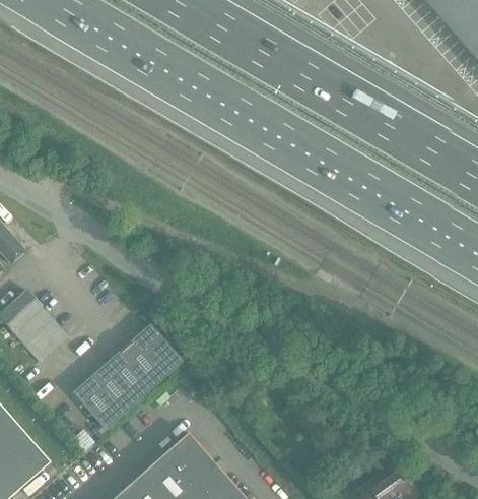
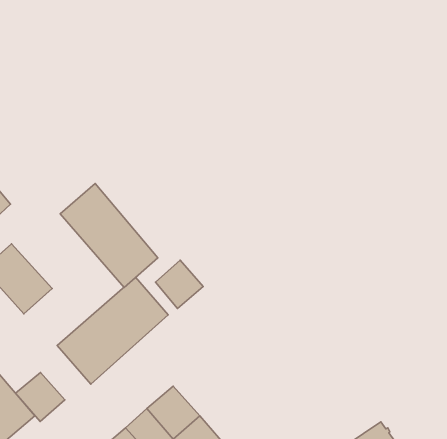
building: none -> [60,183,158,287]
building: none -> [156,260,203,308]
building: none -> [16,372,65,422]

